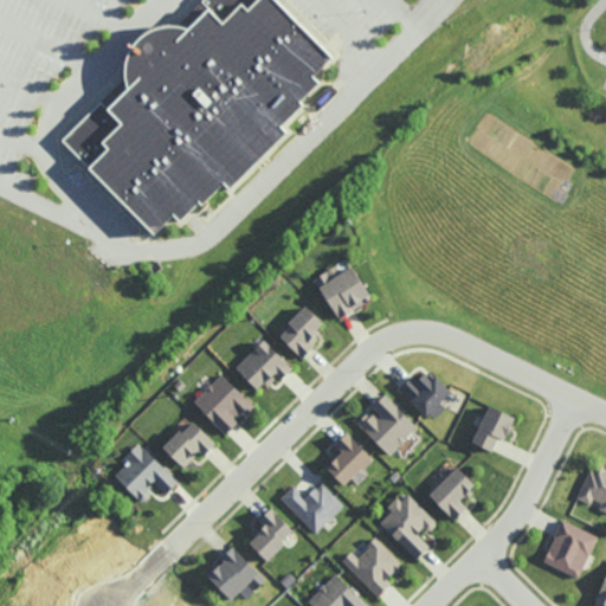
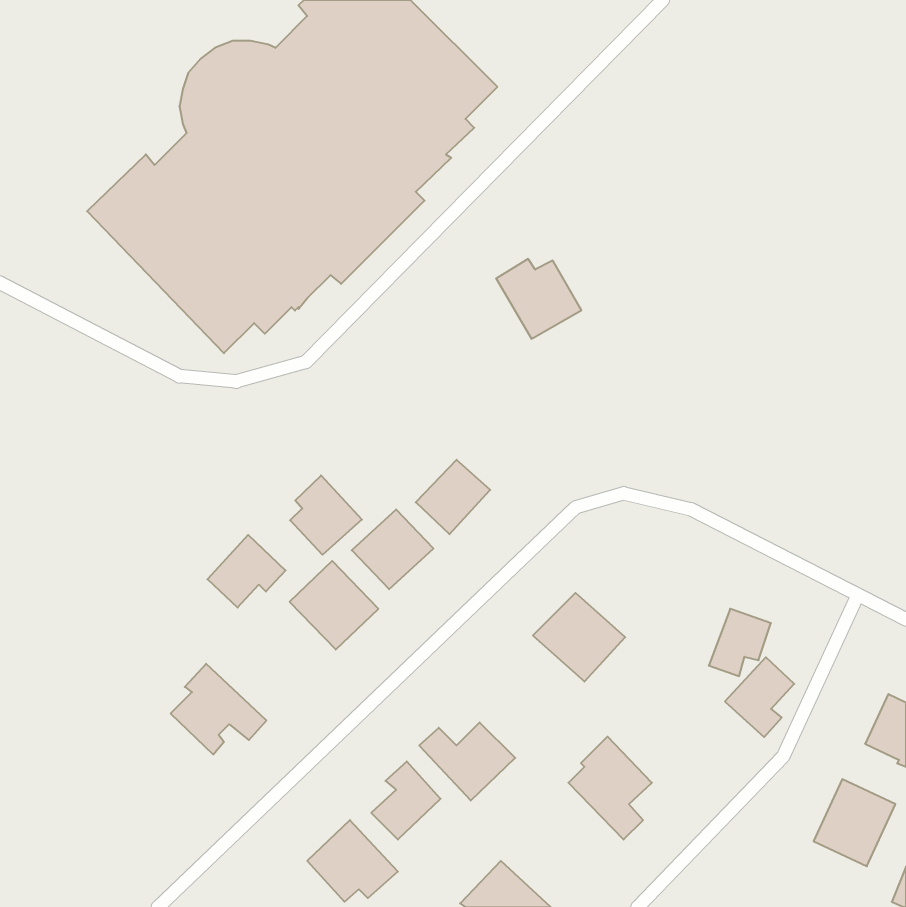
building: [314,265,370,318] -> [496,259,581,339]
building: none -> [290,475,362,555]
building: [399,370,449,421] -> none
building: [163,419,215,468] -> [207,535,286,608]
building: [325,433,372,486] -> none
building: [428,466,475,520] -> [725,657,794,737]
building: [341,537,402,597] -> none

